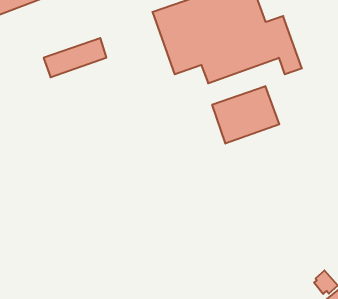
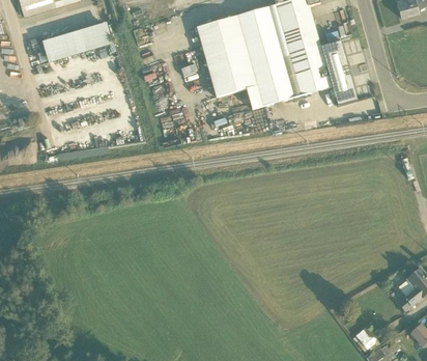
building: [44,38,106,77] -> [41,22,111,61]
building: [212,86,279,144] -> none

